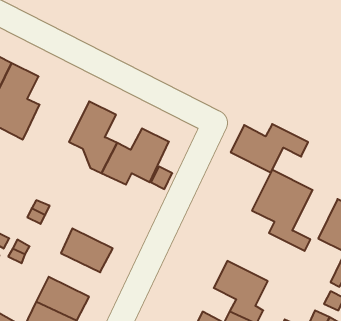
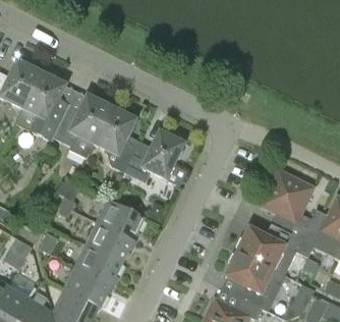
building: none -> [53,94,111,157]
building: [231,124,308,172] -> [236,225,306,269]
building: none -> [96,199,144,239]
building: none -> [74,244,121,283]

